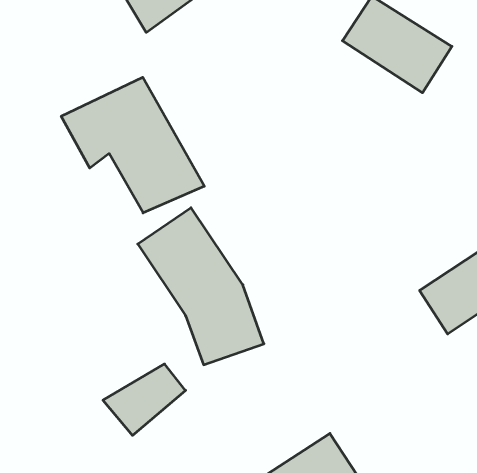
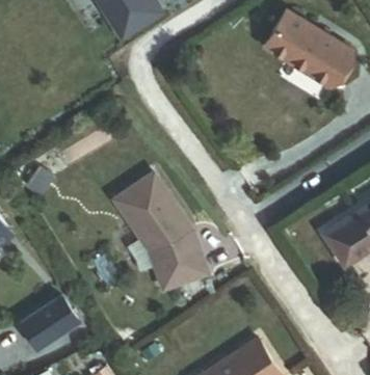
building: [61,77,204,213] -> none
building: [103,364,186,435] -> [19,297,80,350]

